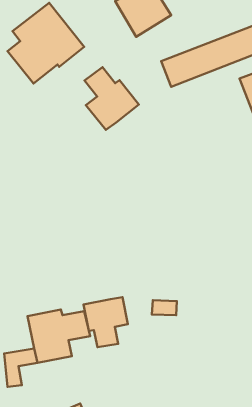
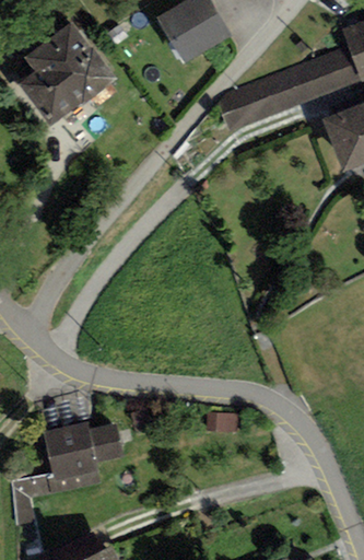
building: [84,67,139,130] -> none
building: [84,297,128,347] -> none

